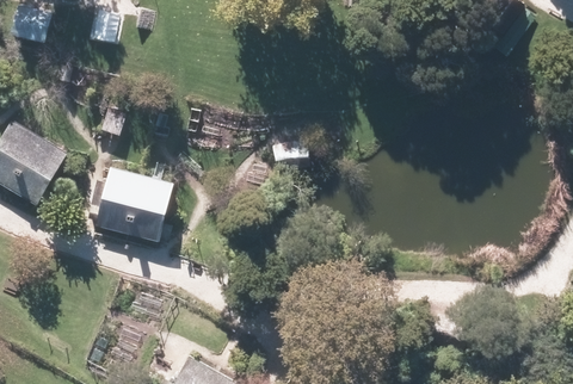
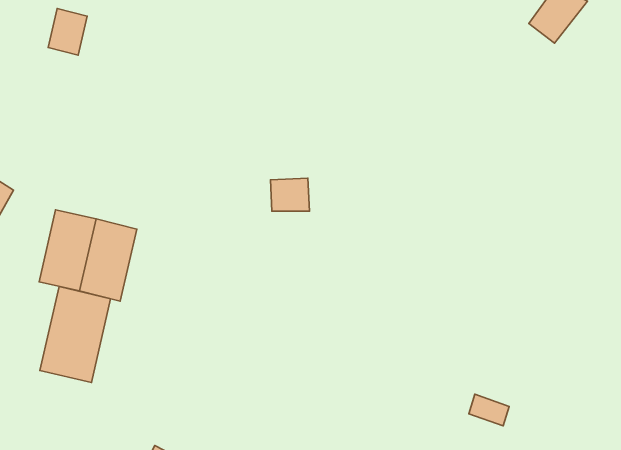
building: none -> [40,287,111,383]

